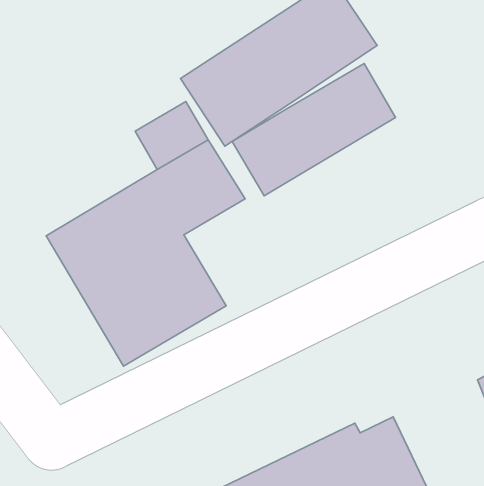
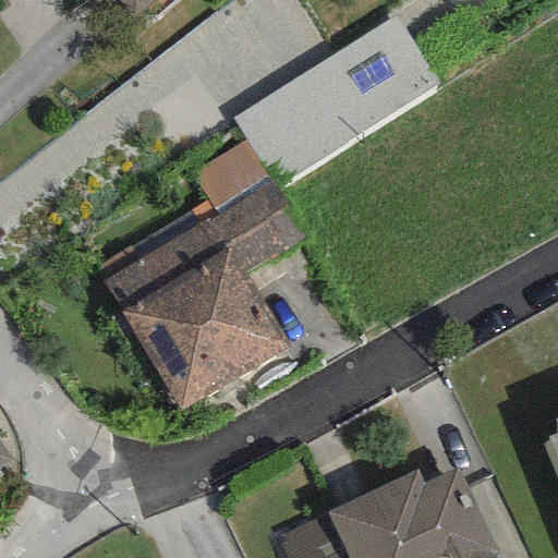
building: [232,64,395,196] -> none

